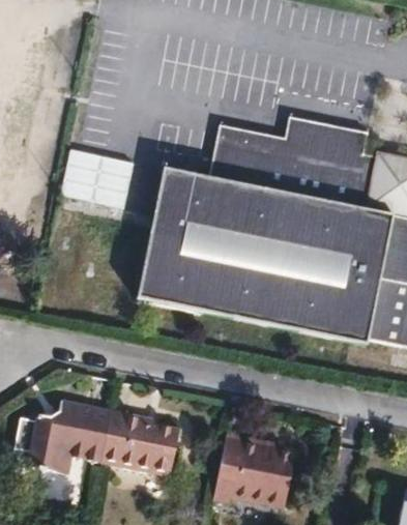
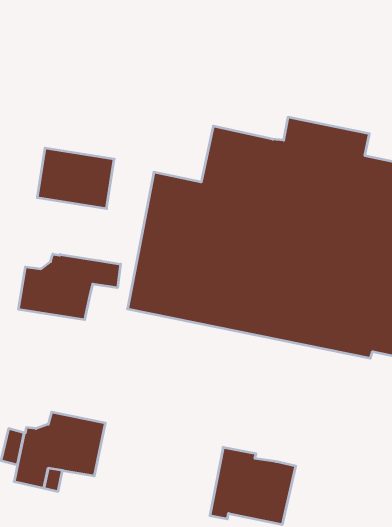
building: none -> [19,254,121,320]
building: [111,407,190,471] -> none

